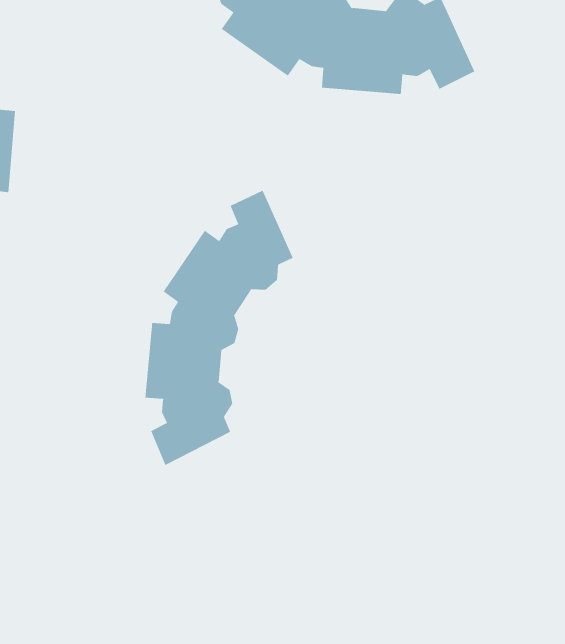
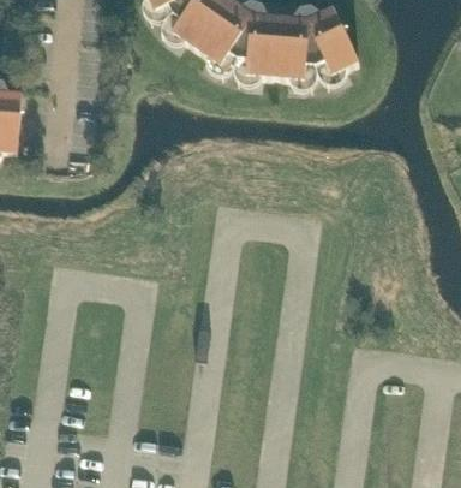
building: [145,190,294,466] -> none

